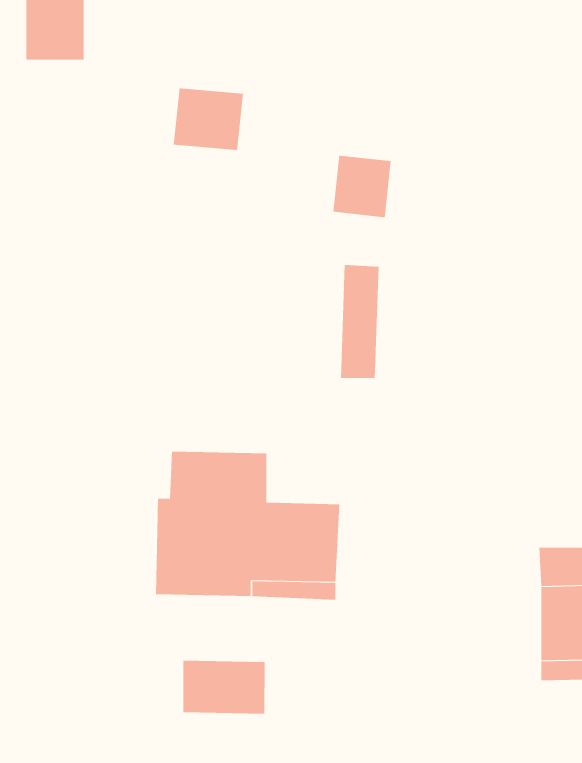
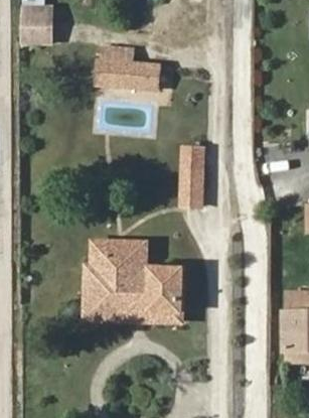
building: [333,155,392,218] -> [129,60,159,93]
building: [183,660,265,715] -> none

